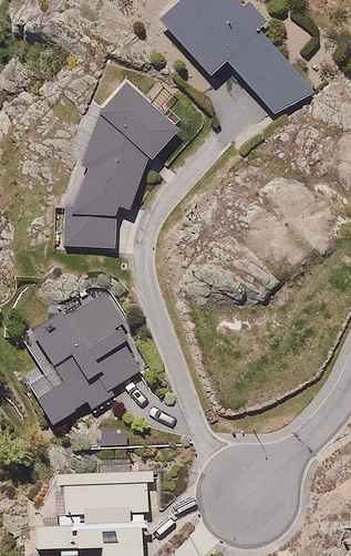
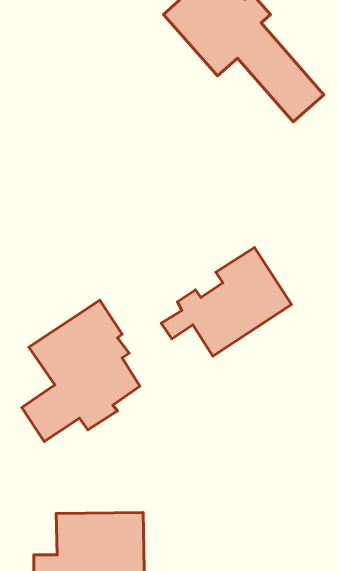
building: [62,84,173,249] -> none
building: none -> [161,247,292,356]

